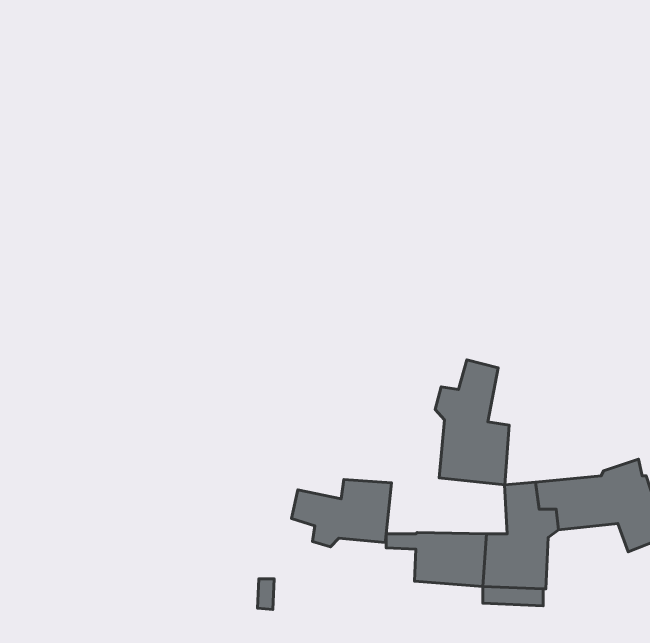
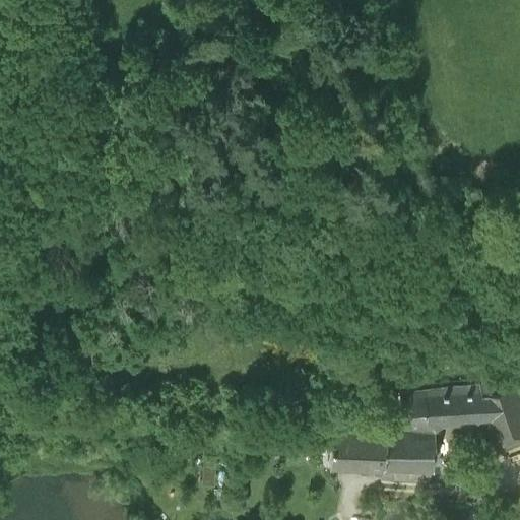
building: [435,360,509,485] -> none
building: [291,479,391,547] -> none

